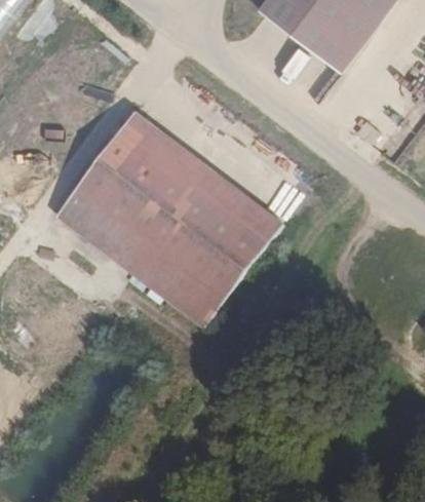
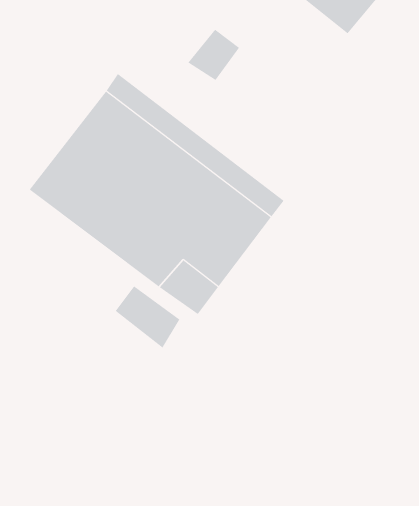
building: none -> [188,29,240,81]
building: none -> [115,285,180,348]

